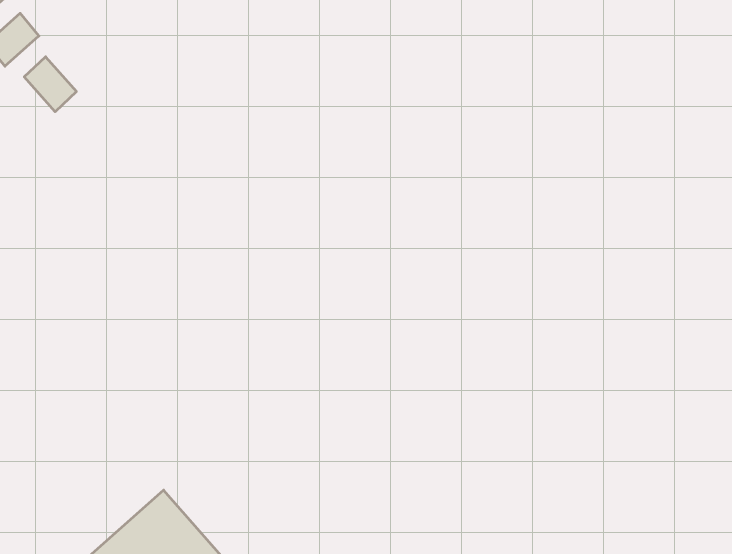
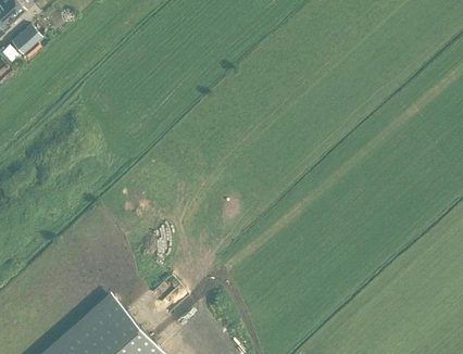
building: [24,57,76,112] -> none

